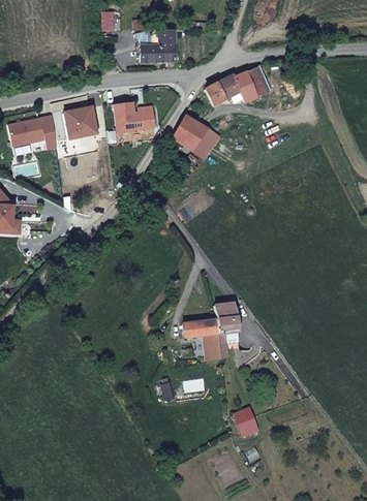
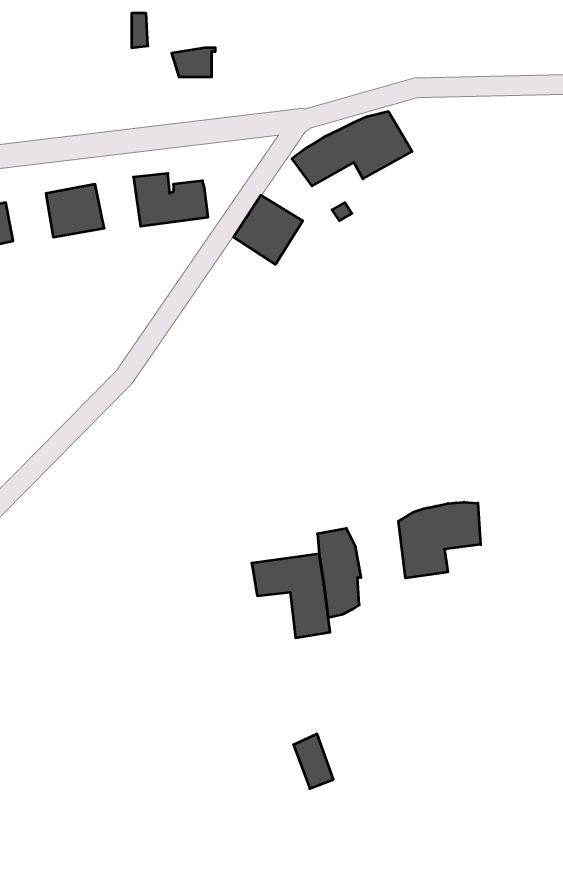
building: [140,32,175,61] -> none
building: none -> [398,502,481,578]
building: [236,408,258,439] -> [293,734,333,789]

